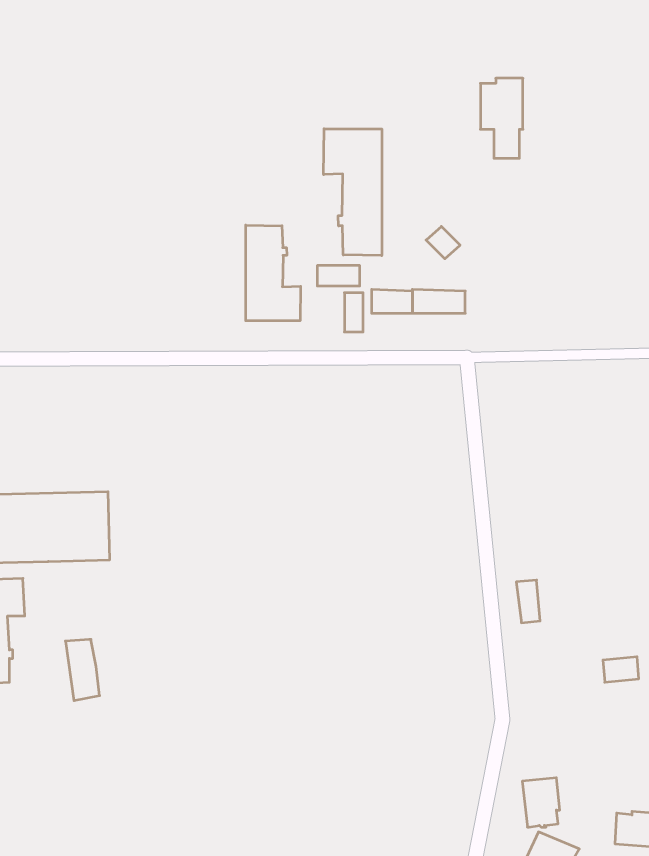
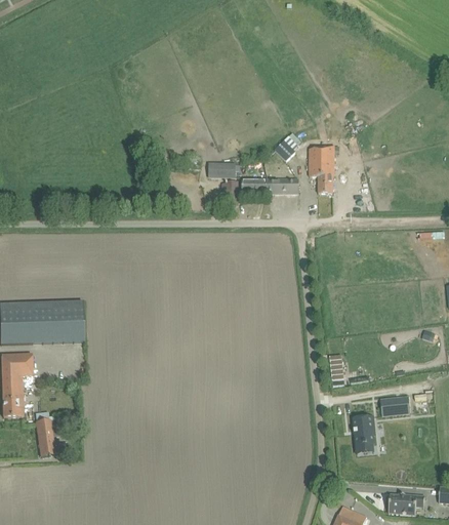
building: [480,78,523,158] -> [310,145,335,193]
building: [324,129,382,256] -> none
building: [246,225,301,321] -> none
building: [65,639,100,701] -> [35,419,55,456]
building: [522,778,560,827] -> [353,415,375,445]

